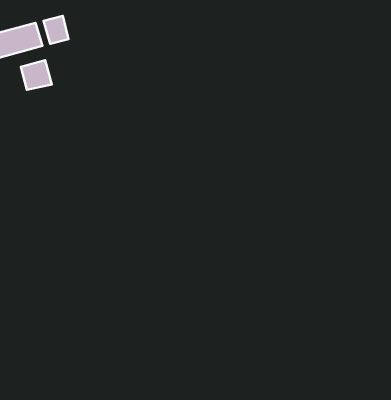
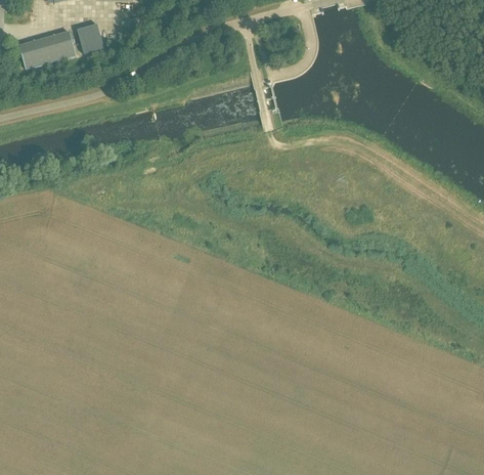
building: [21,60,52,90] -> none

